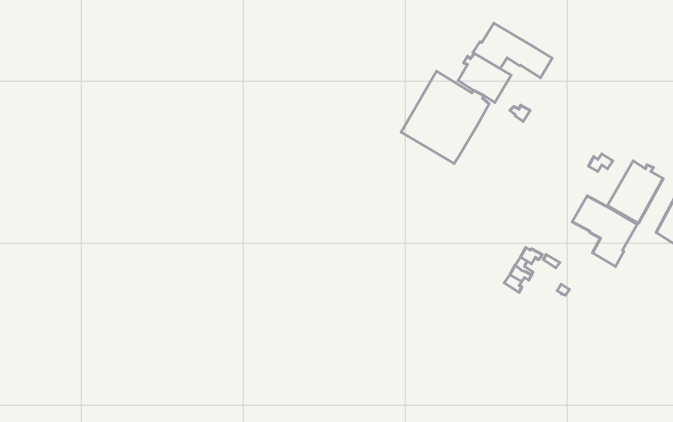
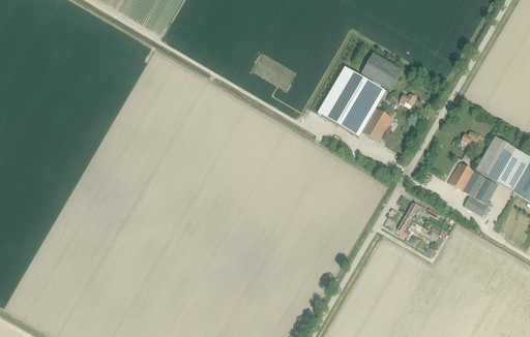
building: [473,23,552,78] -> none
building: none -> [362,109,392,141]

